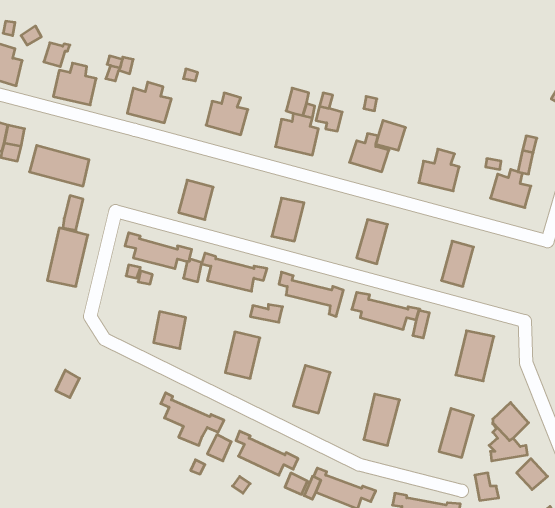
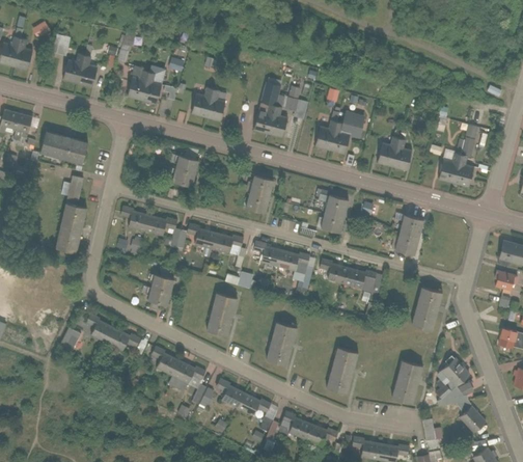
building: none -> [84,312,142,353]

